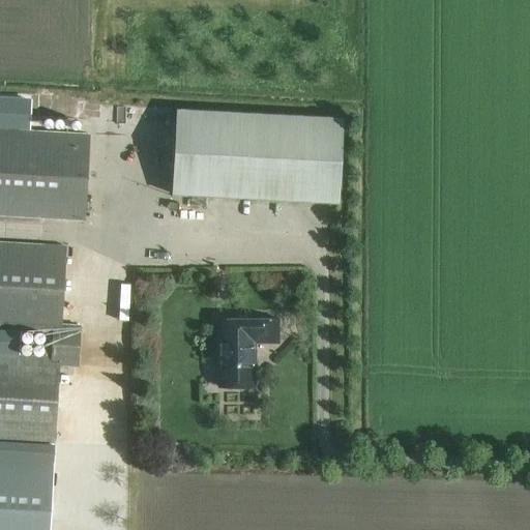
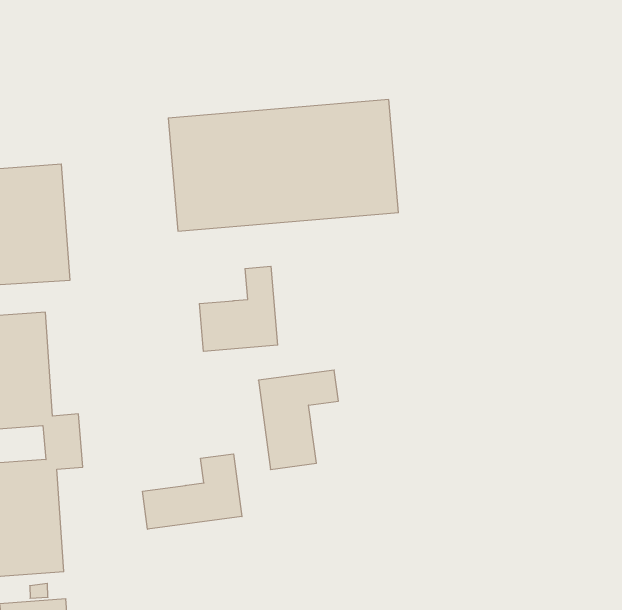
building: none -> [199,266,278,351]
building: none -> [143,454,242,529]

